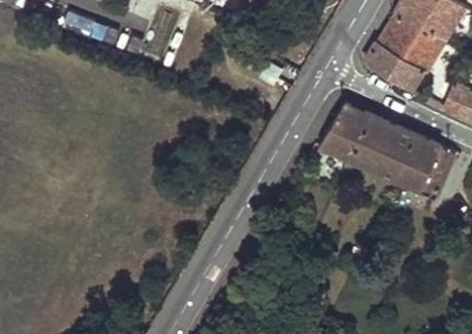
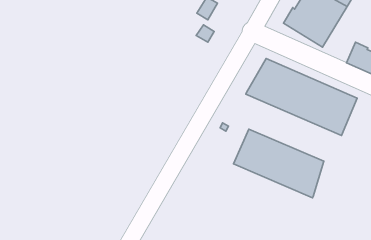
building: none -> [233,129,324,198]

